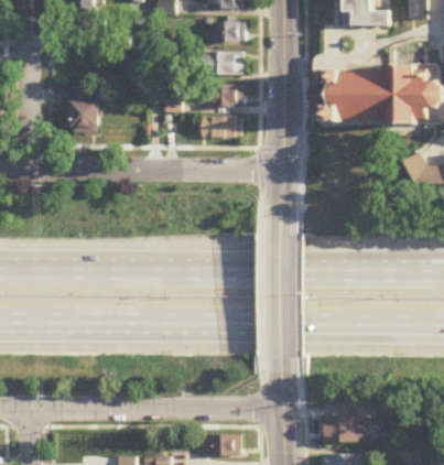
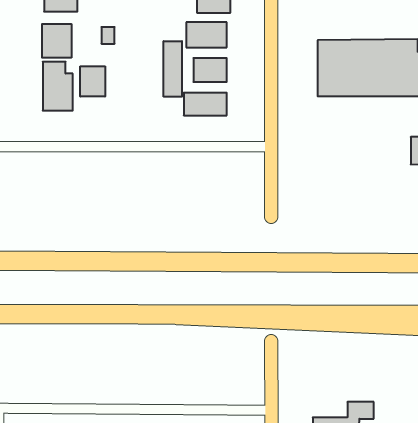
building: none -> [42,24,71,58]
building: none -> [164,41,182,97]
building: none -> [80,66,105,97]

